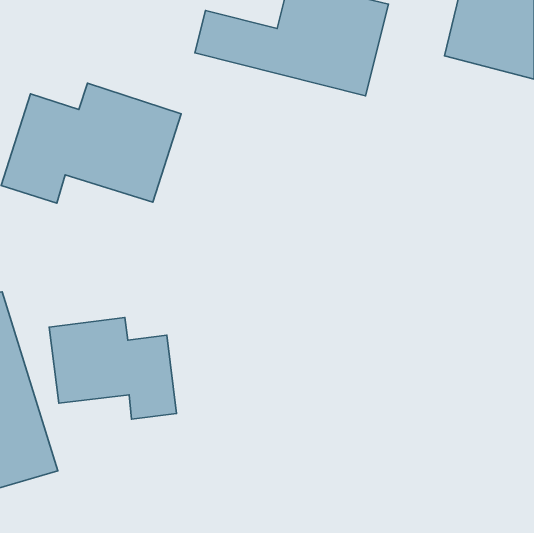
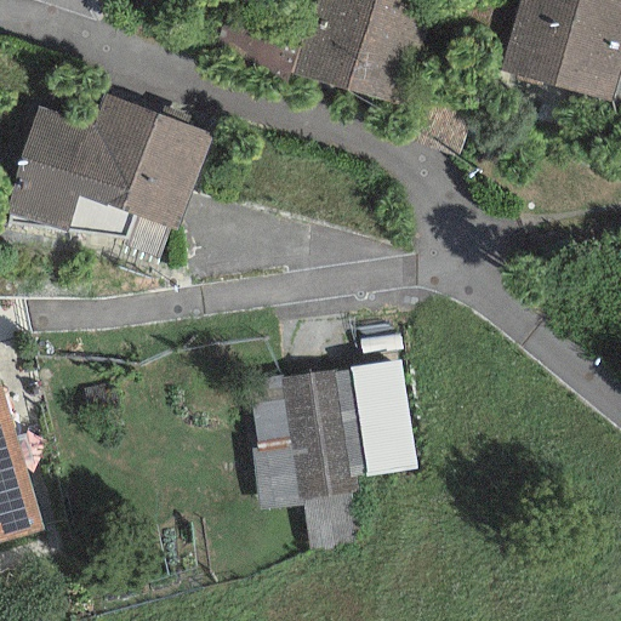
building: none -> [233,354,416,543]
building: [49,317,177,419] -> none

